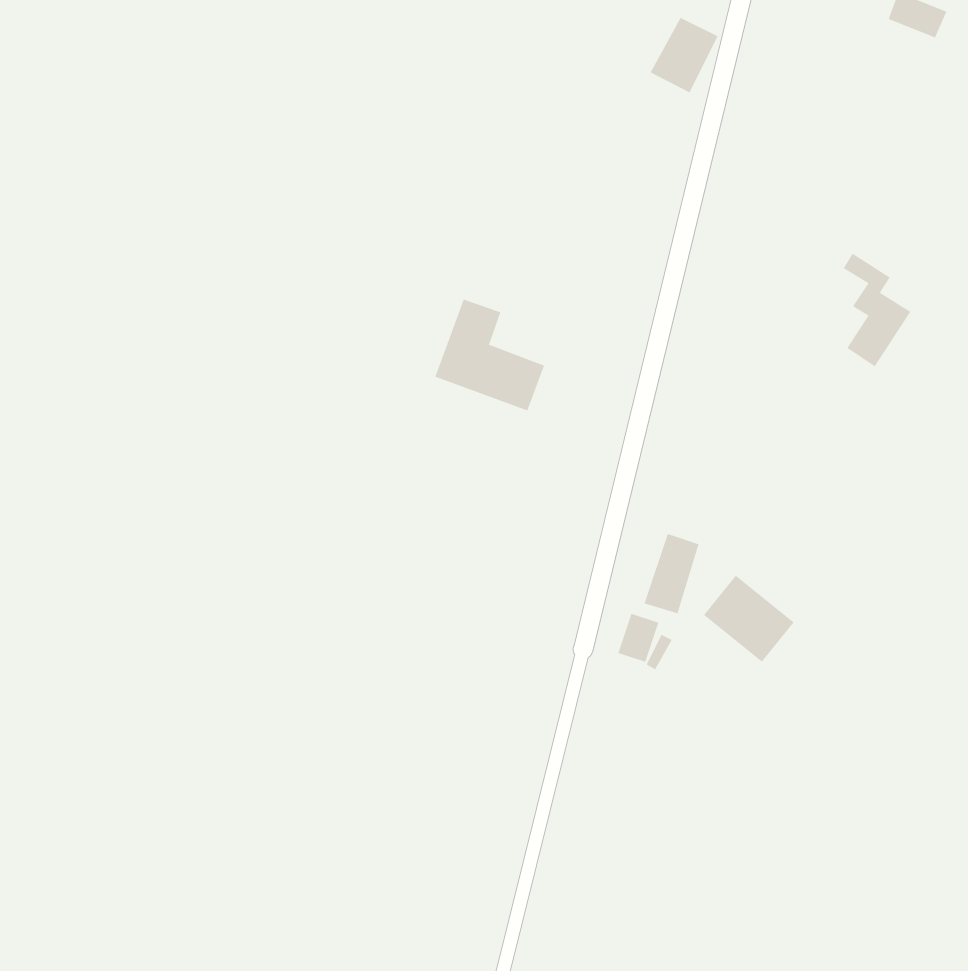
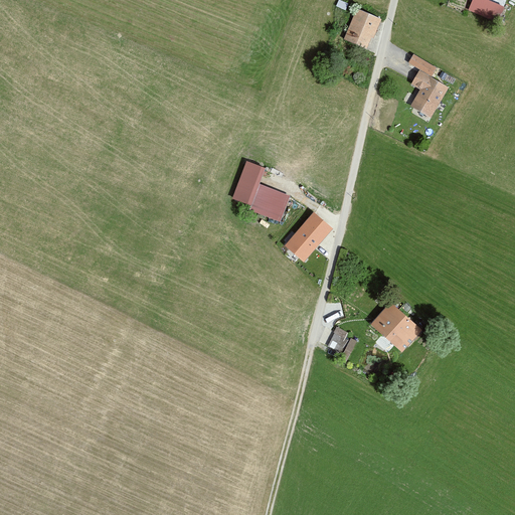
building: [843,253,911,367] -> [410,55,447,116]
building: none -> [286,214,328,259]
building: [644,533,699,614] -> none

